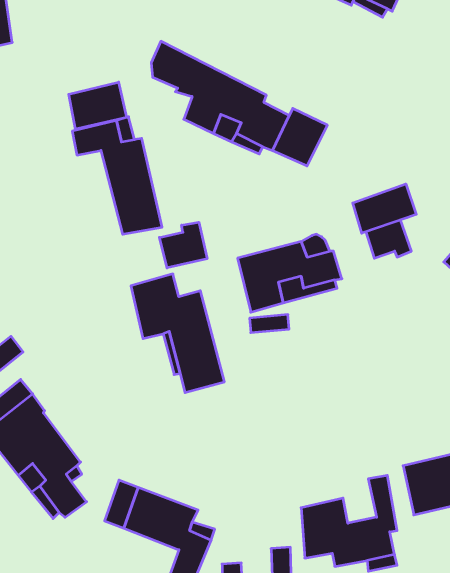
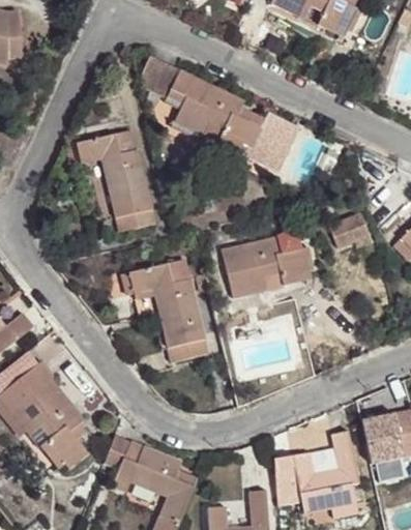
building: [69,82,127,129] -> none
building: [353,184,416,233] -> none
building: [159,222,207,268] -> none

